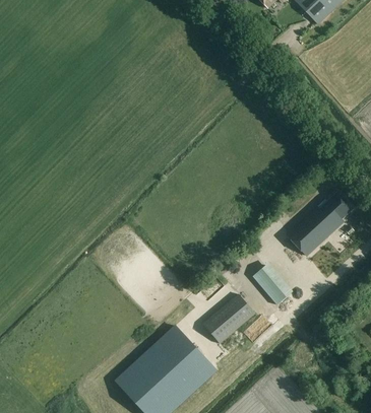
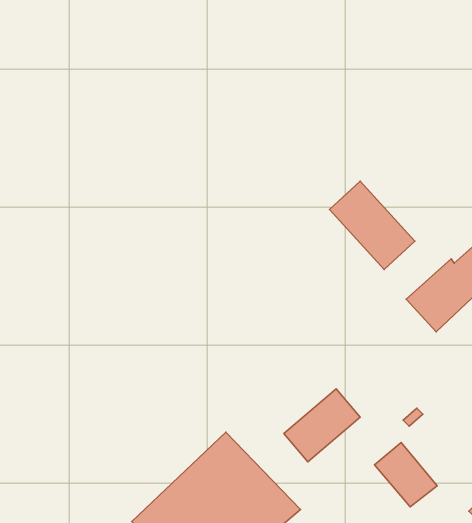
building: none -> [330,181,415,269]
building: [253,260,296,303] -> [374,443,437,507]

